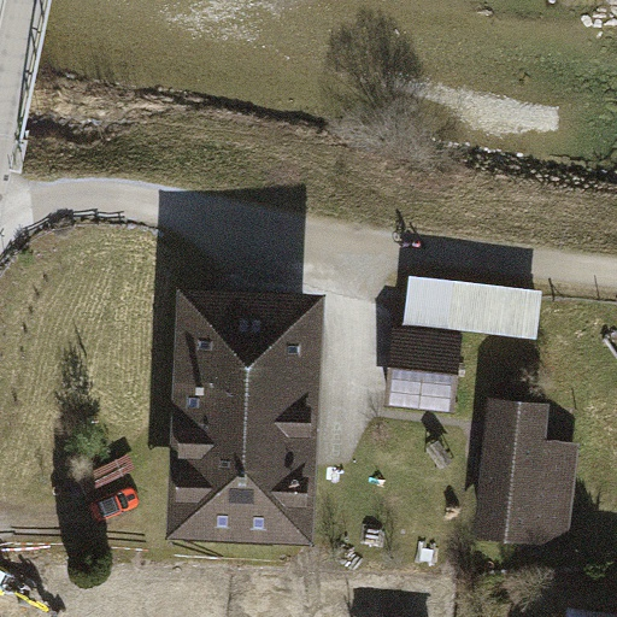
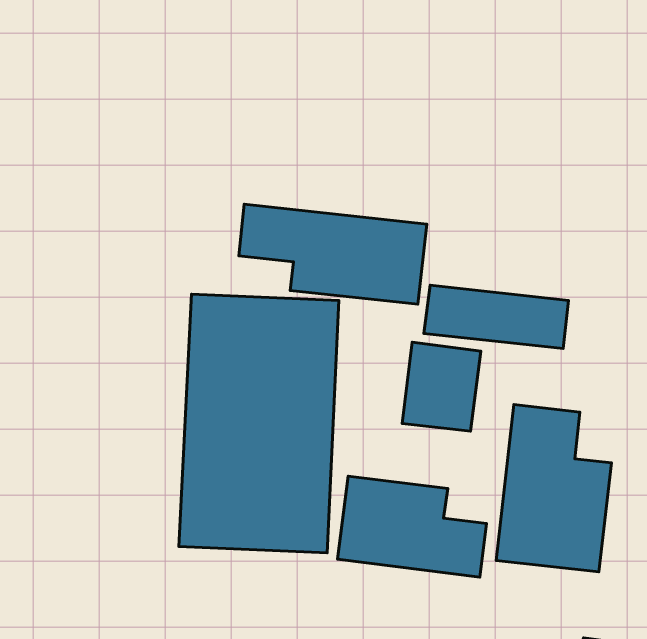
building: none -> [239,204,427,304]
building: none -> [338,476,486,577]

